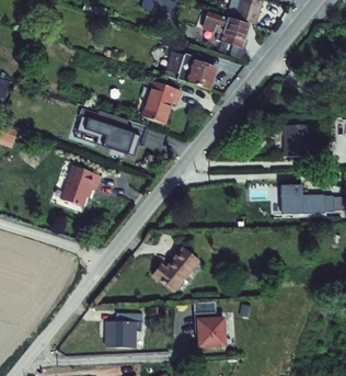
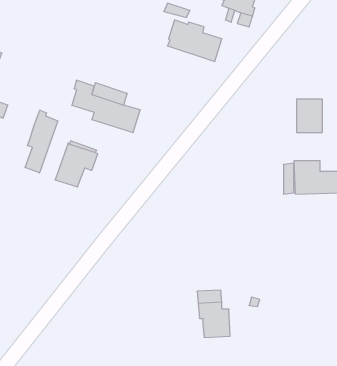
building: [142,81,180,124] -> none
building: none -> [25,110,58,173]
building: [151,247,199,292] -> none
building: [106,312,142,347] -> none

